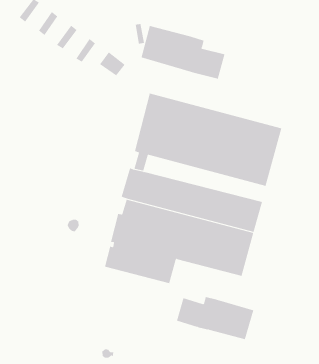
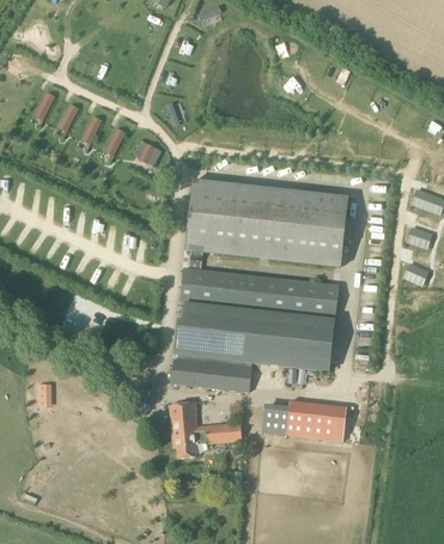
building: [141,25,225,80] -> none
building: none -> [169,401,242,458]

